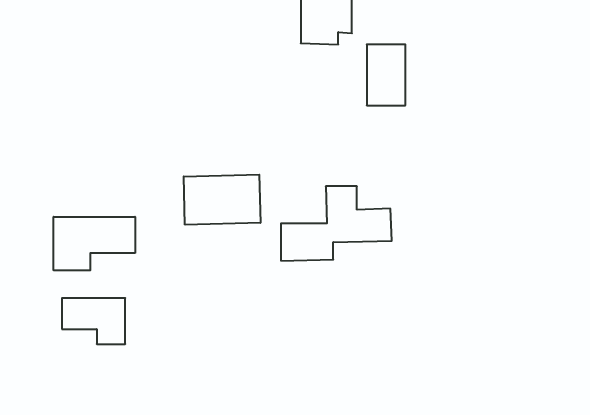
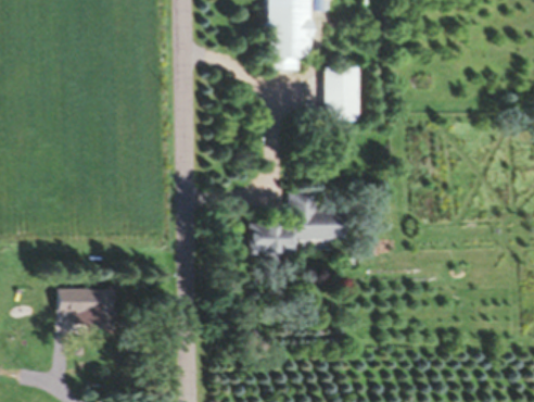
building: [184,175,260,225] -> none
building: [54,217,135,270] -> none

